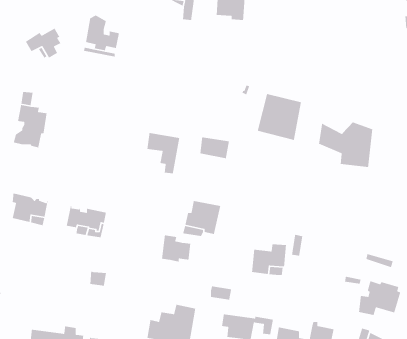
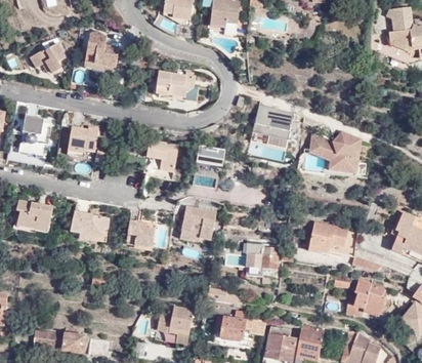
building: none -> [156,70,199,100]
building: none -> [67,126,98,155]
building: none -> [308,219,356,255]
building: [161,234,191,263] -> [126,219,155,246]

